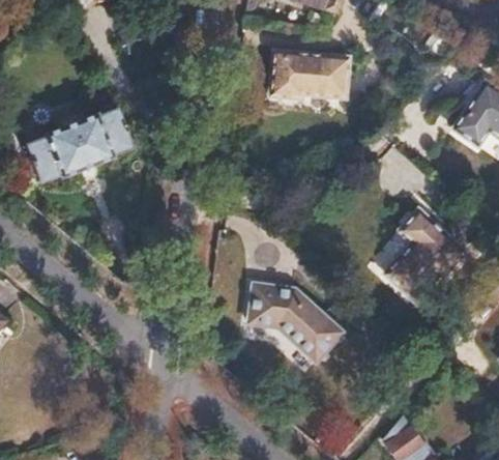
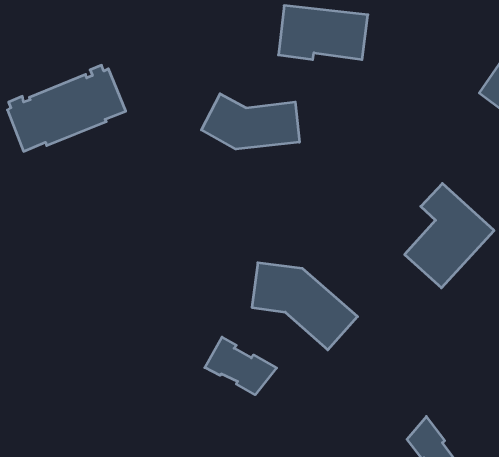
building: none -> [201,94,299,149]
building: none -> [205,337,277,395]

